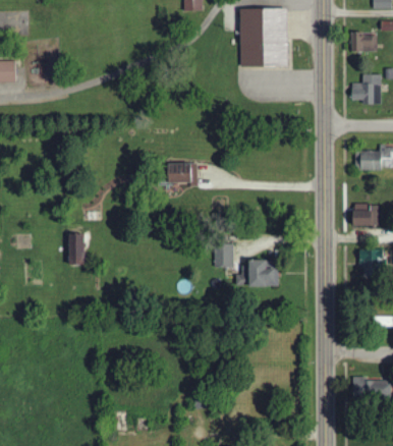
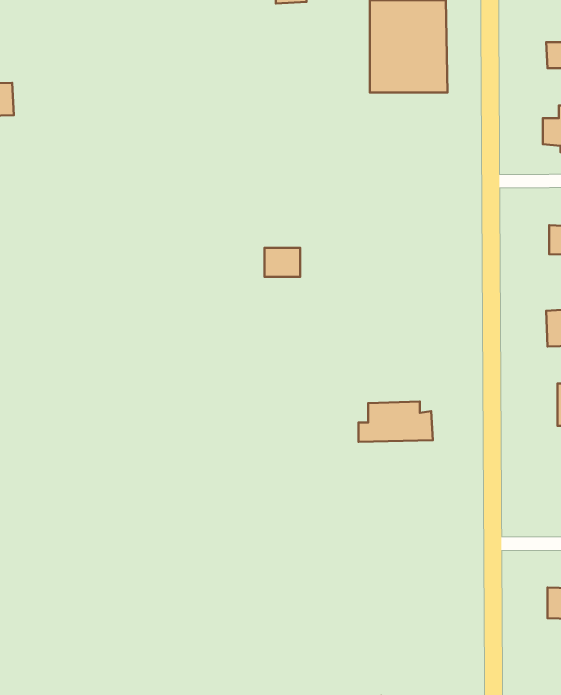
building: [69,233,87,264] -> none
building: [213,243,234,267] -> none

